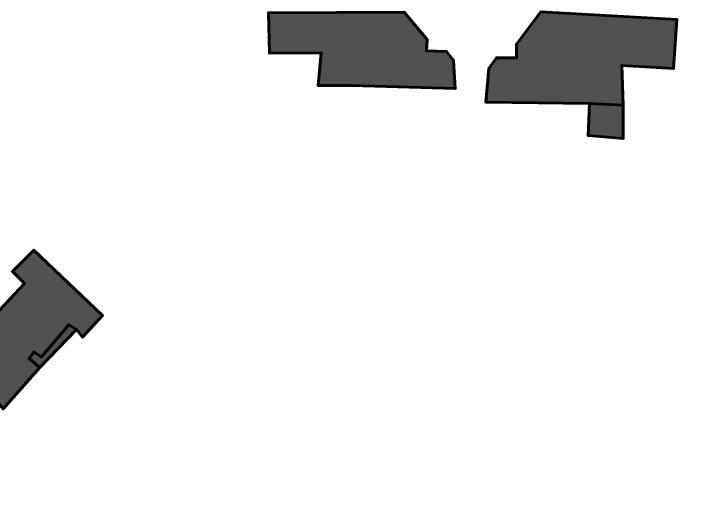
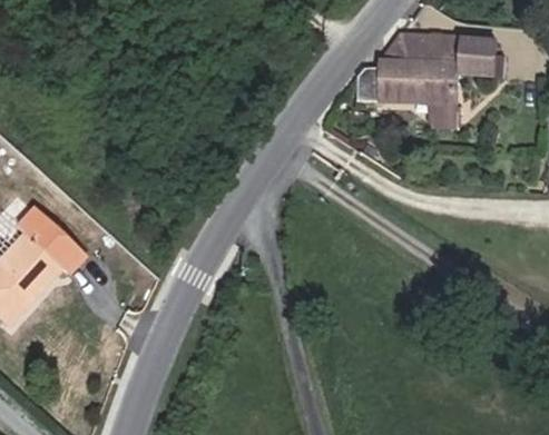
building: [268,12,455,88] -> none

